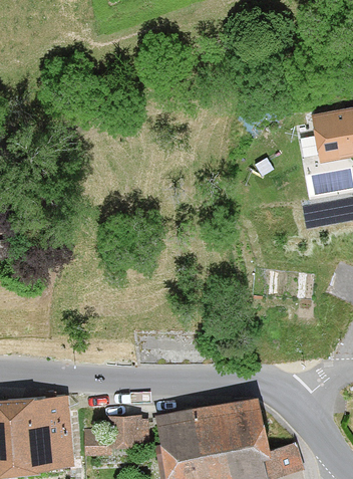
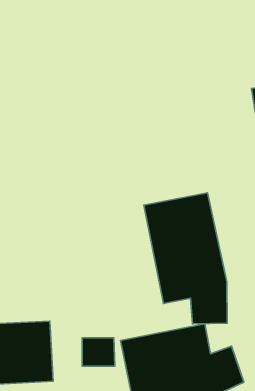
building: none -> [144,193,227,324]

